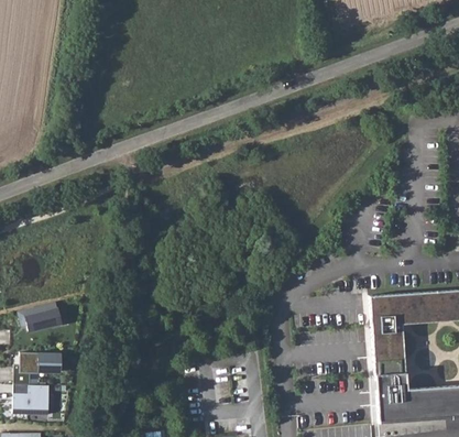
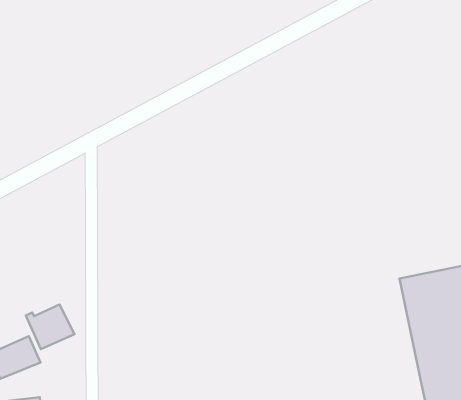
building: none -> [26,305,74,349]

